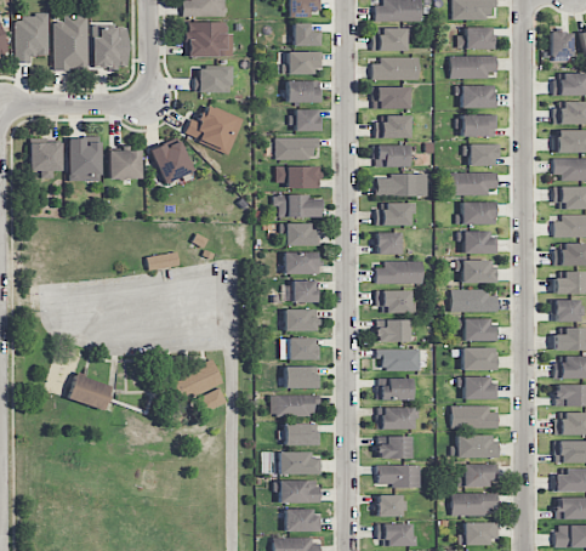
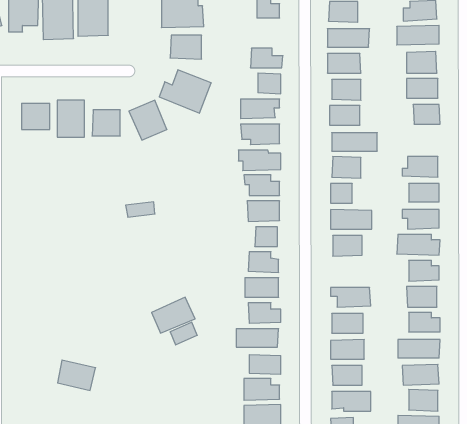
building: [285,51,323,73] -> none
building: [451,171,497,193] -> none
building: [376,319,410,341] -> none
building: [69,375,112,409] -> [58,360,96,390]

